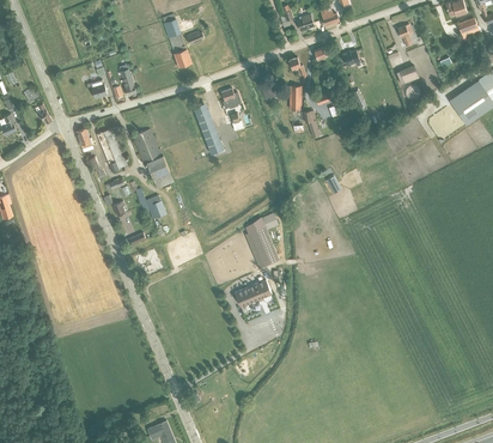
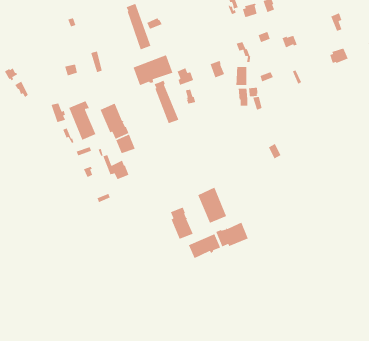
building: none -> [132,54,174,86]
building: none -> [170,206,194,240]
building: none -> [215,222,249,247]

